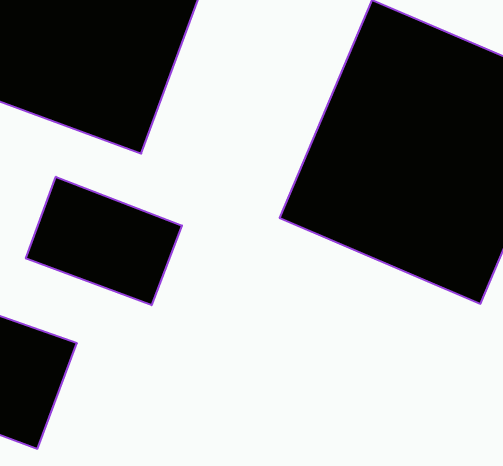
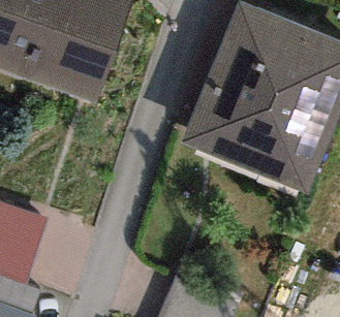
building: [26,177,182,305] -> none

